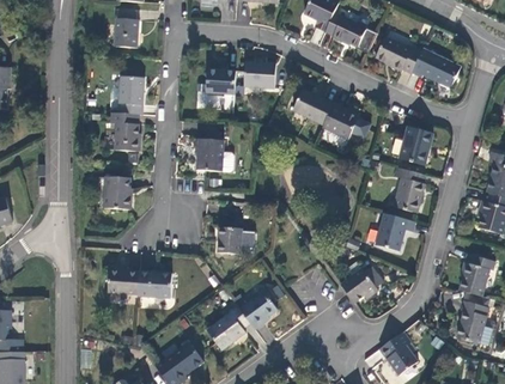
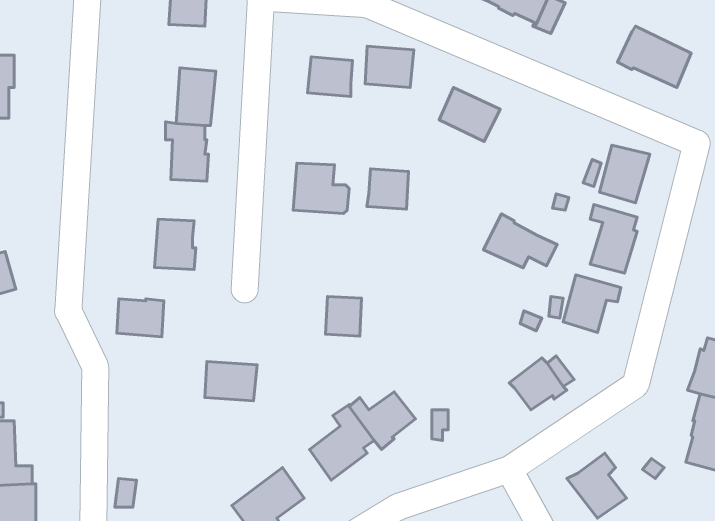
building: [376,36,421,73] -> none
building: [322,103,371,139] -> [483,214,557,268]
building: none -> [367,169,409,209]
building: [108,269,139,294] -> [117,299,164,337]

